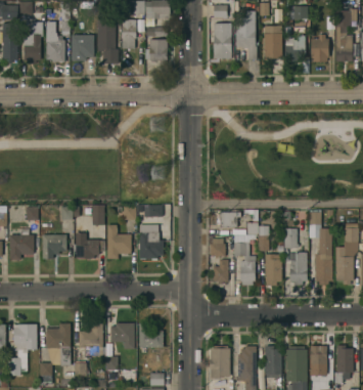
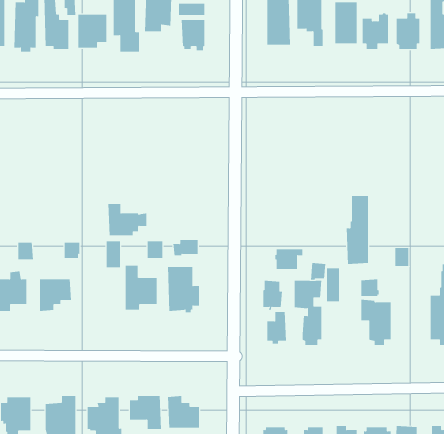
building: [314,229,331,281] -> [346,195,369,265]
building: [75,233,104,258] -> [108,203,147,236]
building: [264,254,281,286] -> none

